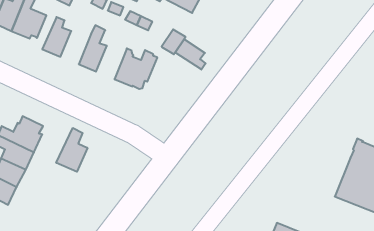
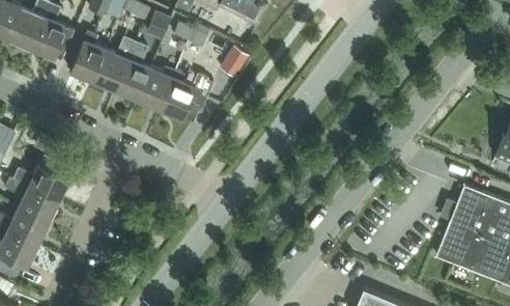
building: none -> [92,37,136,91]
building: [175,39,206,70] -> none
building: none -> [137,67,175,110]
building: [56,128,87,172] -> none

